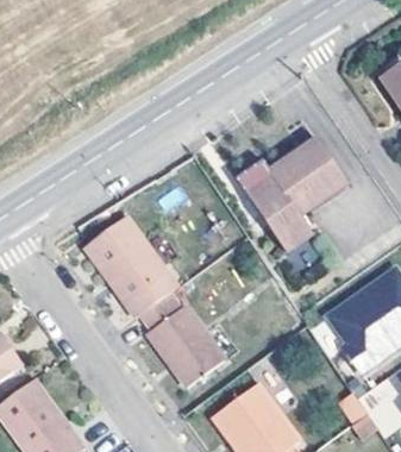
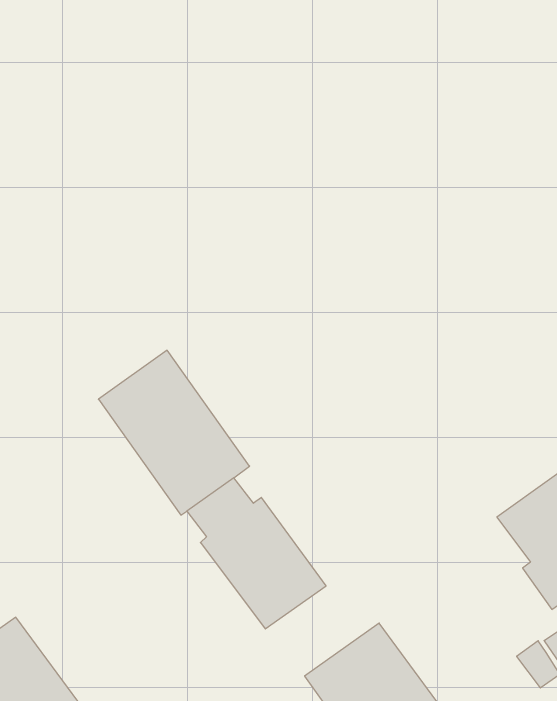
building: [237,139,345,250] -> none

